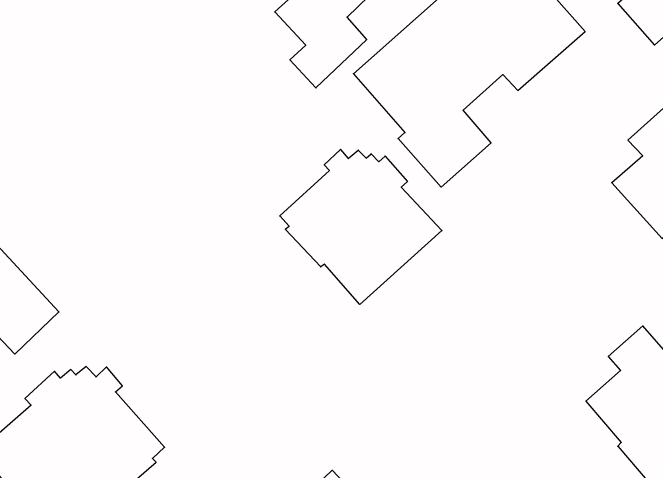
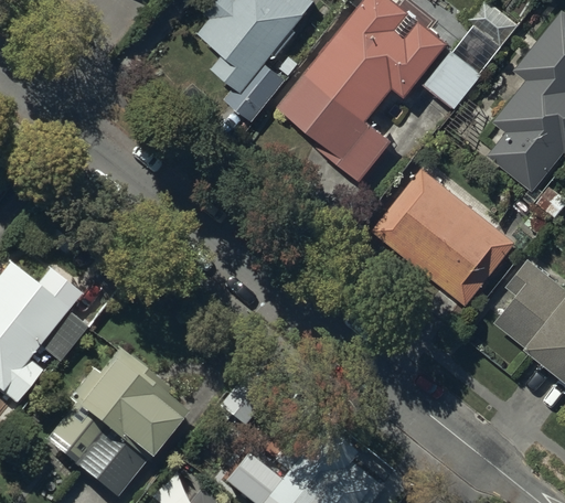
building: none -> [425,51,482,109]
building: [280,149,442,304] -> none
building: none -> [372,168,515,306]

